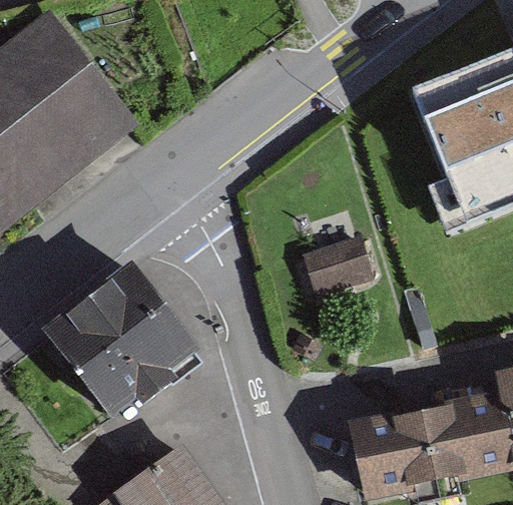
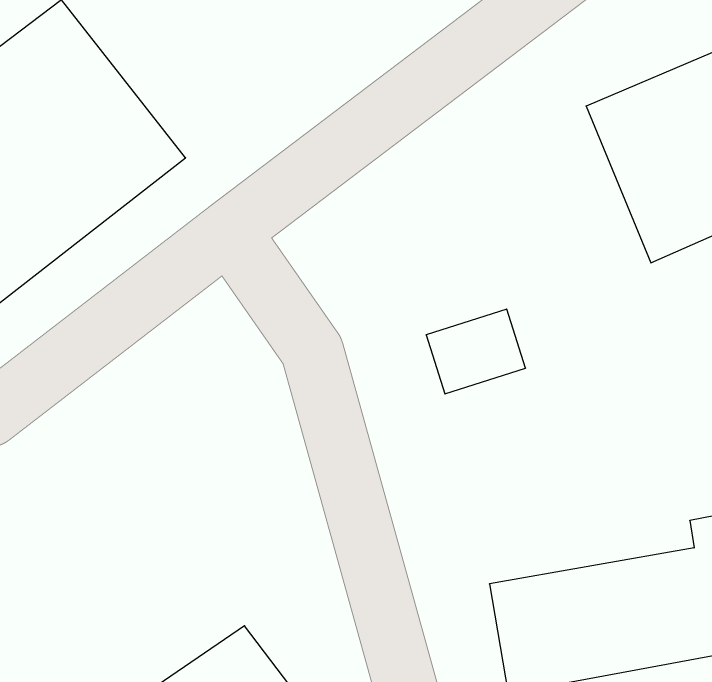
building: [38,266,197,424] -> none

